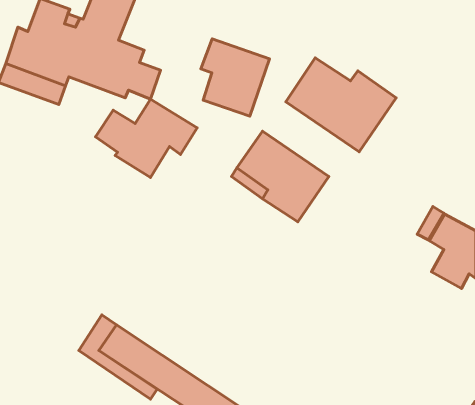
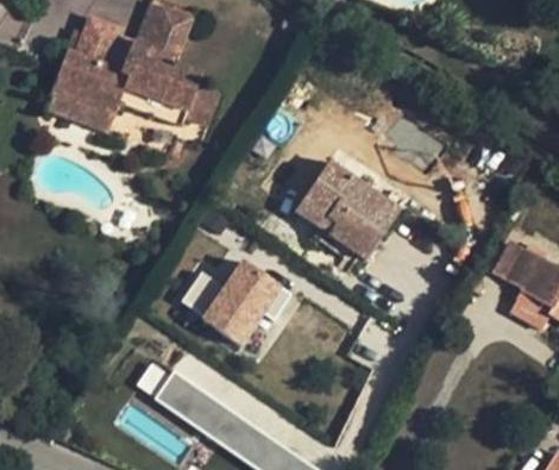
building: [201,39,270,116] -> none
building: [286,58,396,152] -> none
building: [95,99,197,178] -> [180,258,289,343]

